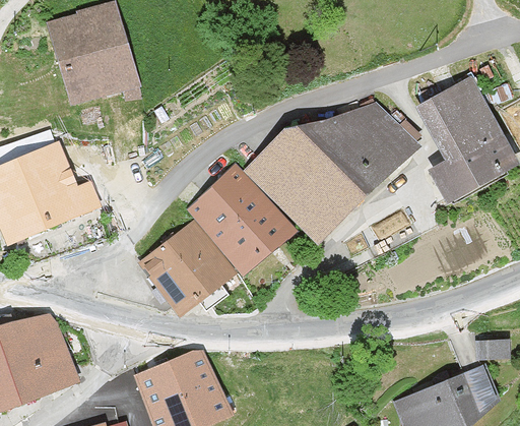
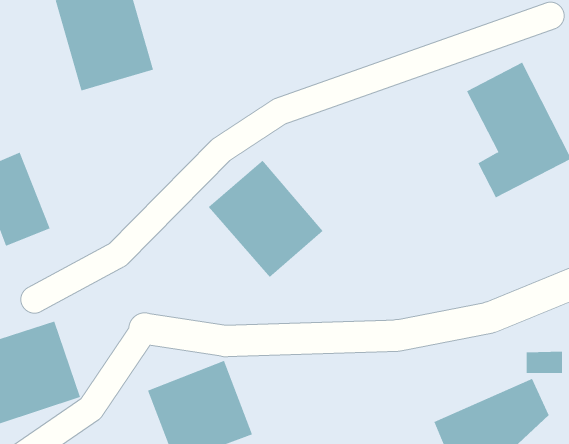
building: [246,103,422,244] -> none
building: [19,129,102,228] -> none
building: [144,219,238,313] -> none

